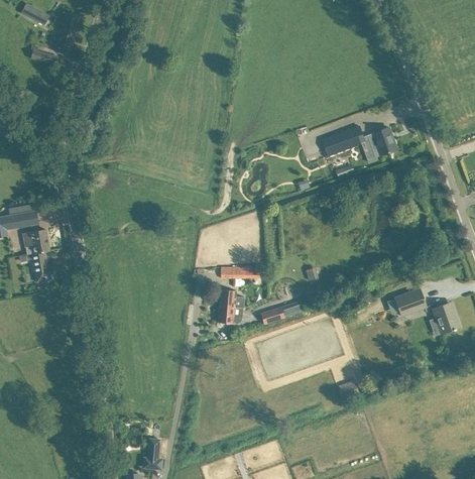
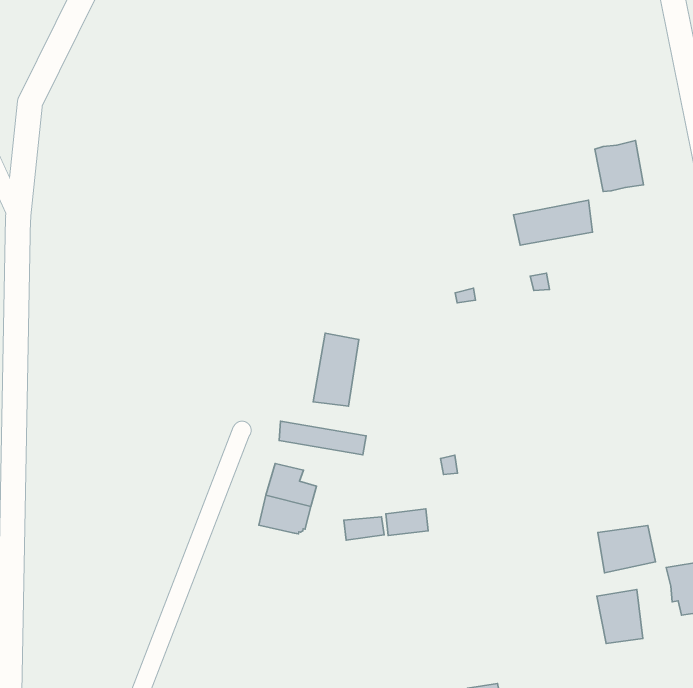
building: [368,127,396,156] -> [595,140,643,192]
building: none -> [313,333,359,406]
building: none -> [597,589,643,643]

